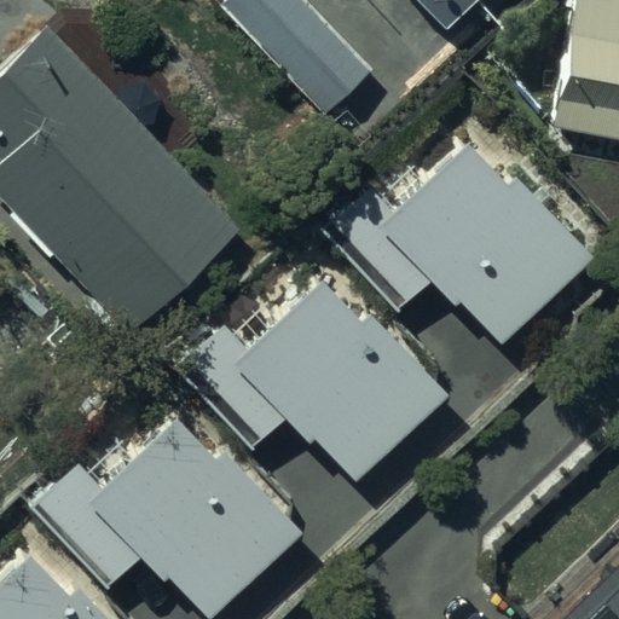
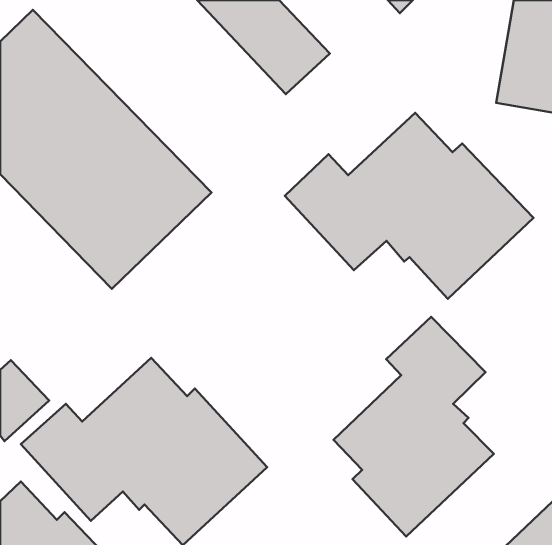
building: [174,274,450,481] -> none
building: none -> [334,317,494,537]

